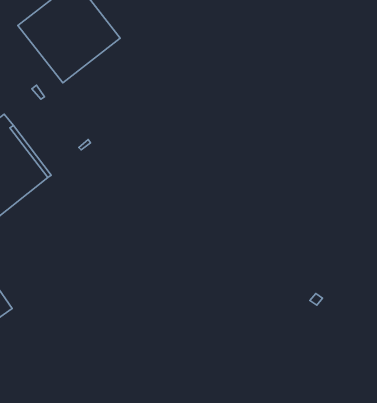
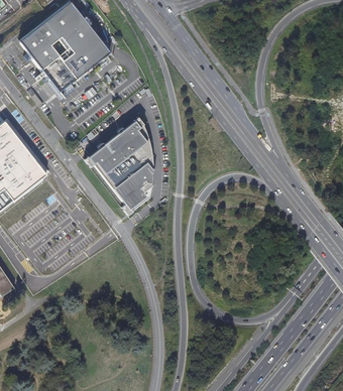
building: none -> [83,116,153,215]

